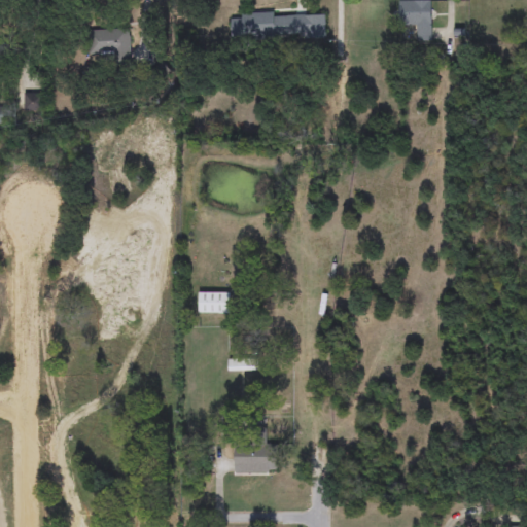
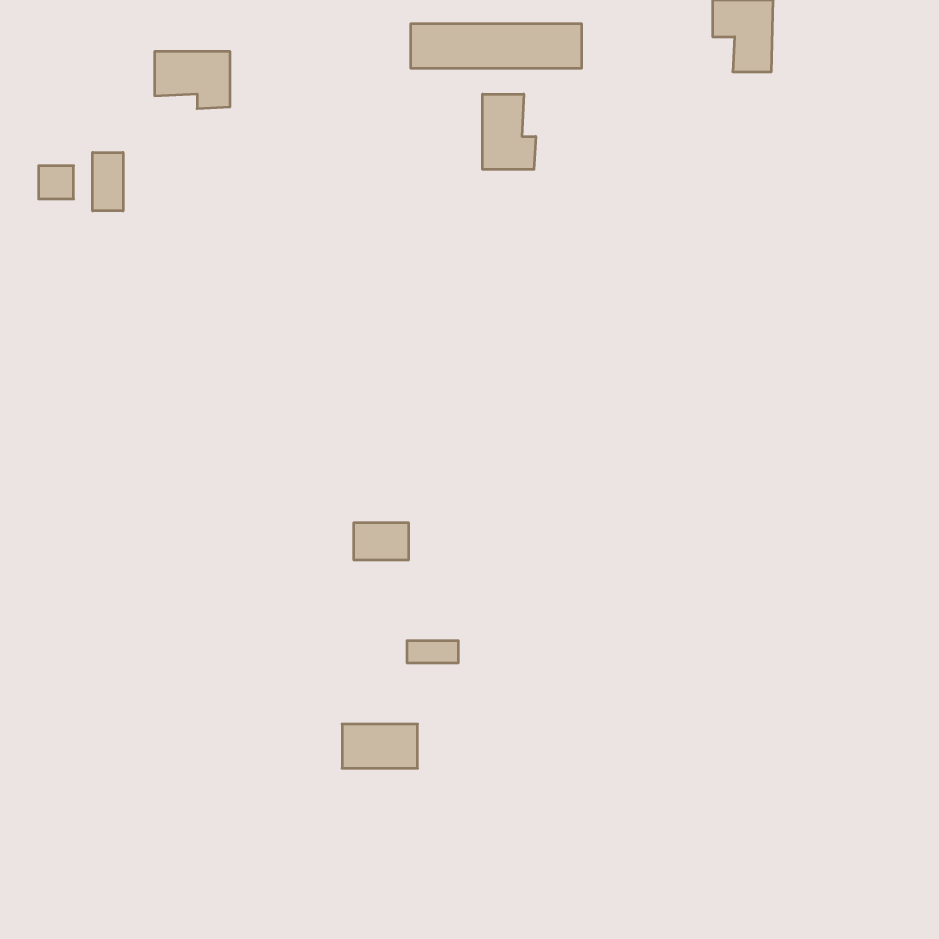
building: none -> [483,94,536,169]
building: none -> [93,152,123,211]
building: [234,448,276,472] -> [342,724,418,768]

